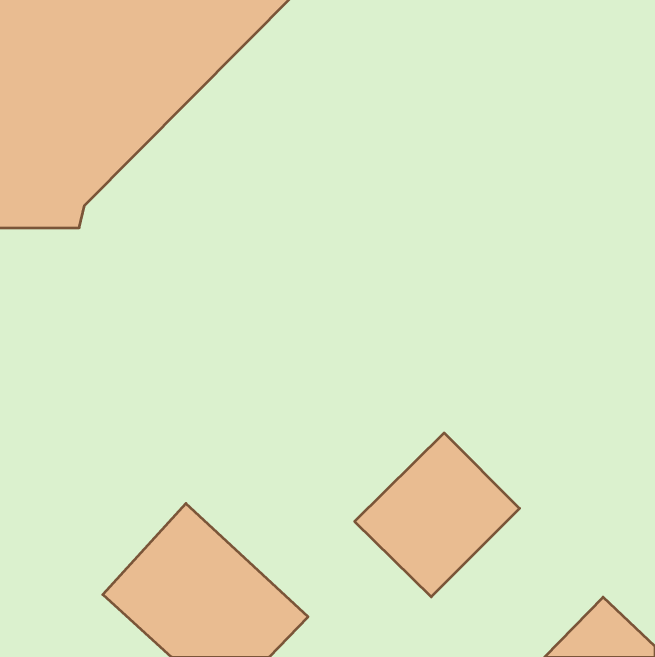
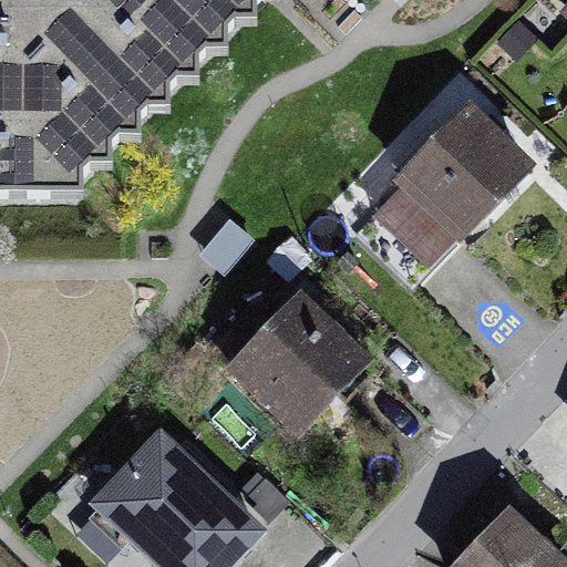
building: none -> [390,103,533,246]
building: [355,433,520,597] -> [220,300,361,440]

